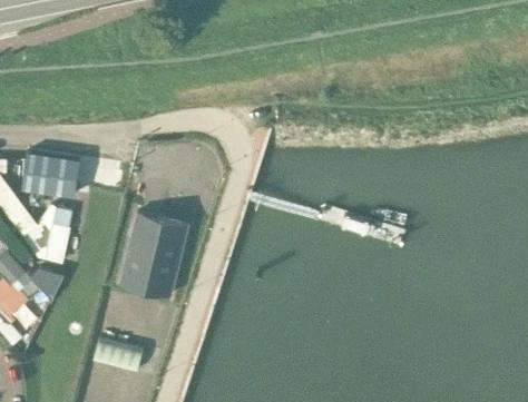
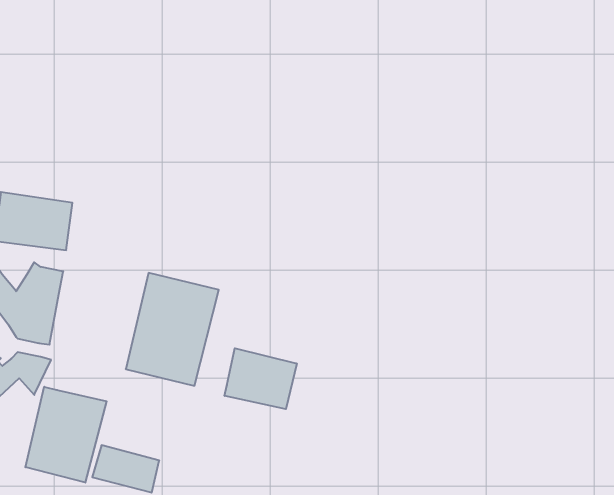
building: none -> [225,348,297,409]
building: none -> [25,387,107,483]

